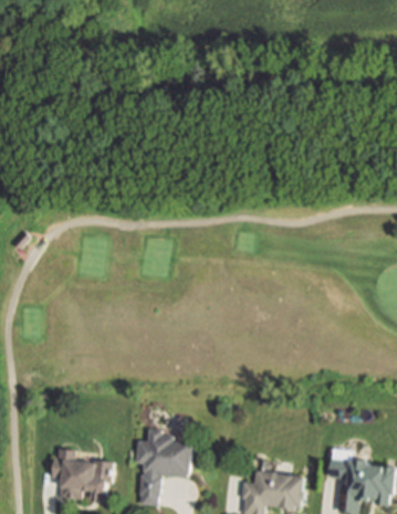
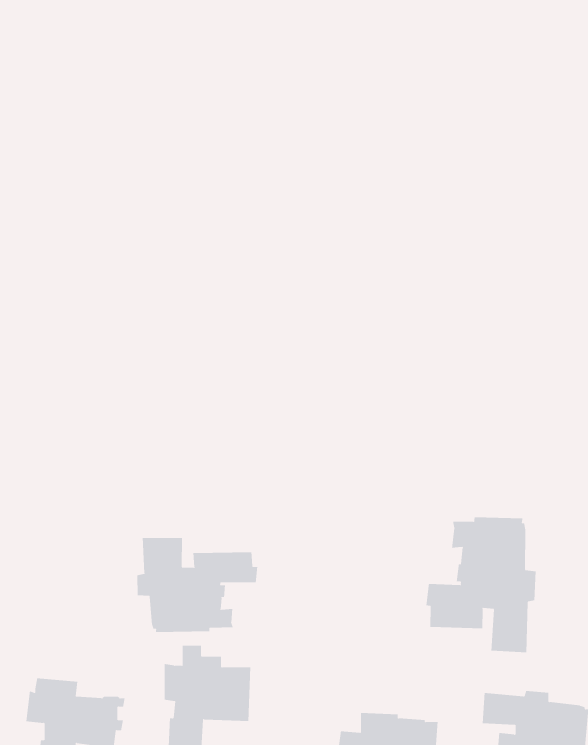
building: none -> [426,517,536,653]
building: none -> [137,537,258,633]

